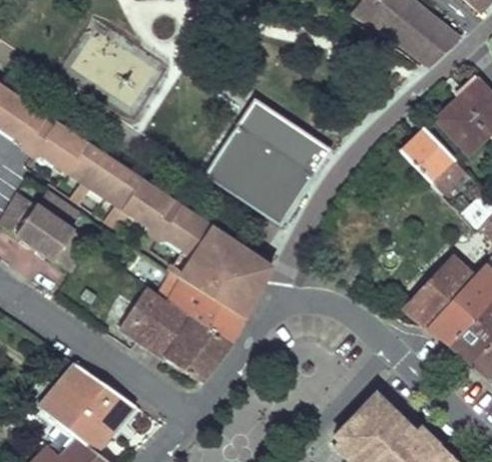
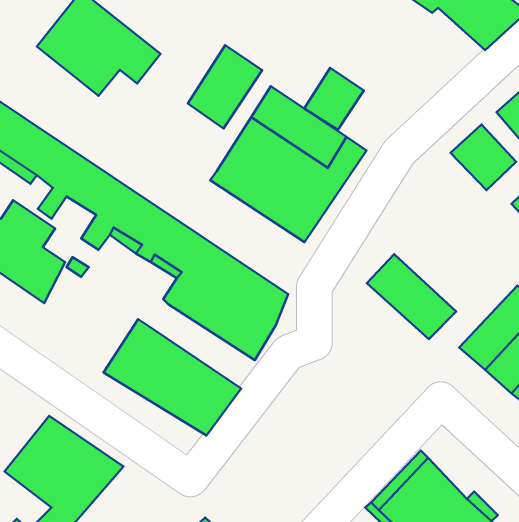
building: none -> [188,45,262,129]
building: none -> [304,68,364,130]
building: none -> [367,254,456,339]
building: [159,273,241,341] -> none

